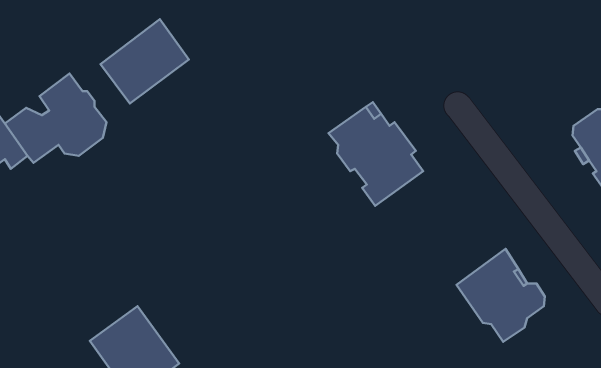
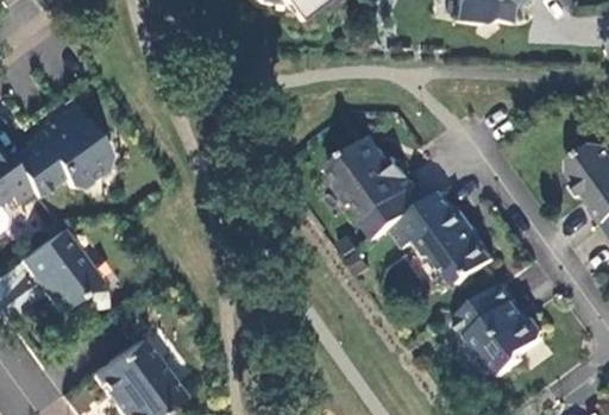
building: [100,19,189,104] -> none
building: none -> [395,191,498,284]
building: none -> [21,232,100,314]

